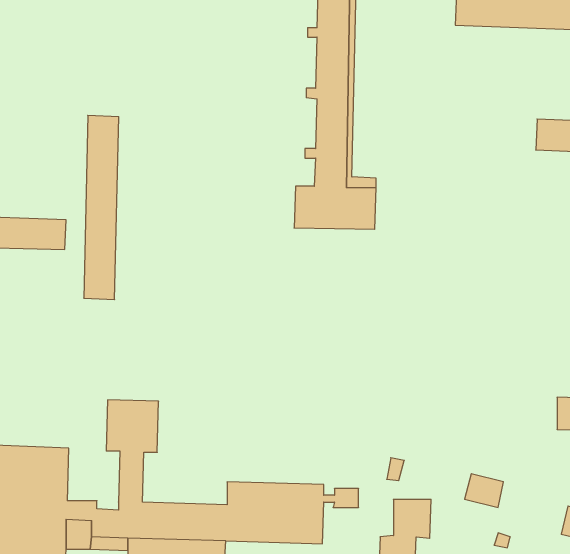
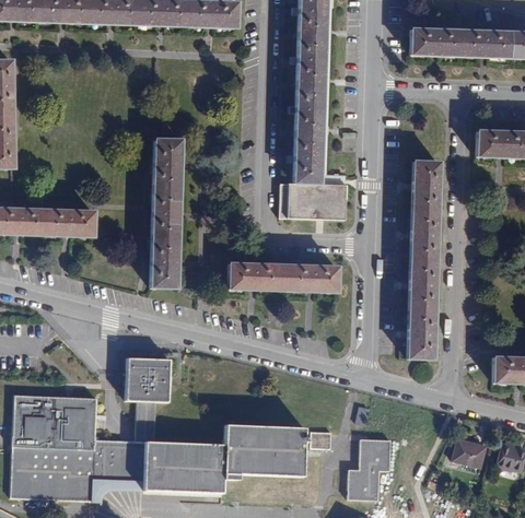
building: [84,115,119,300] -> [152,139,180,289]
building: none -> [408,162,439,358]
building: none -> [229,263,337,291]
building: [465,474,503,507] -> [454,439,486,467]

